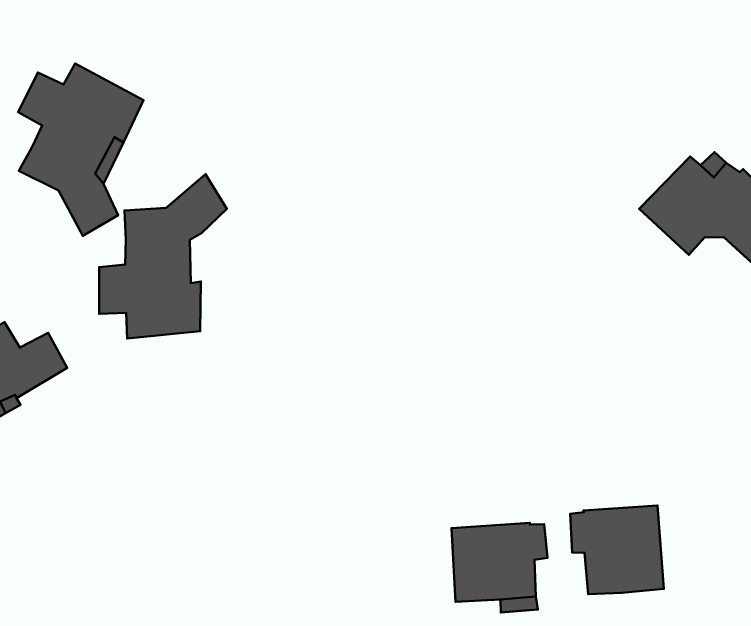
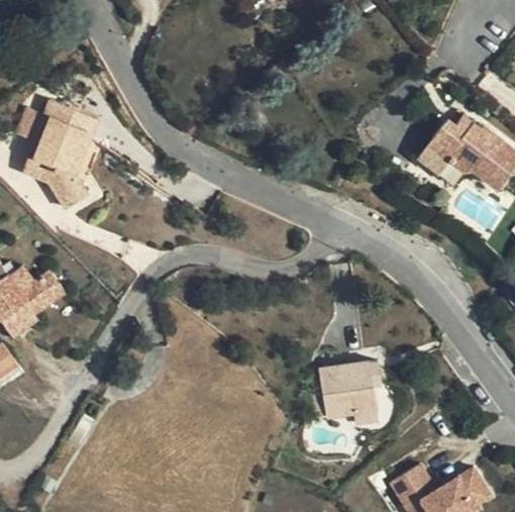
building: [99,174,227,338] -> none
building: [570,505,664,594] -> none

